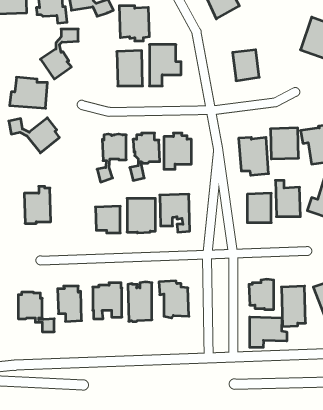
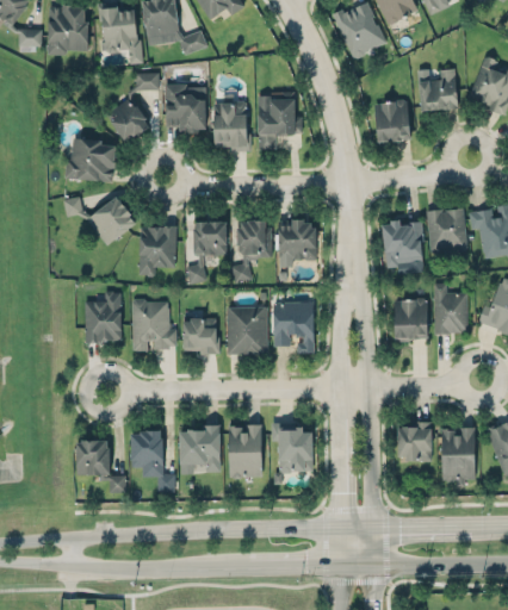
building: [119,6,149,41] -> [165,83,206,132]
building: none -> [416,68,457,110]
building: none -> [138,224,176,276]
building: none -> [131,299,175,349]
building: [250,317,287,347] -> none

